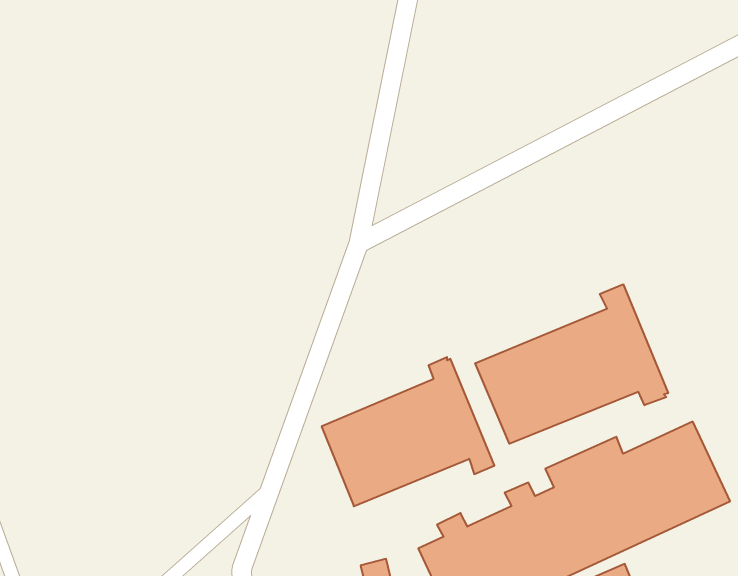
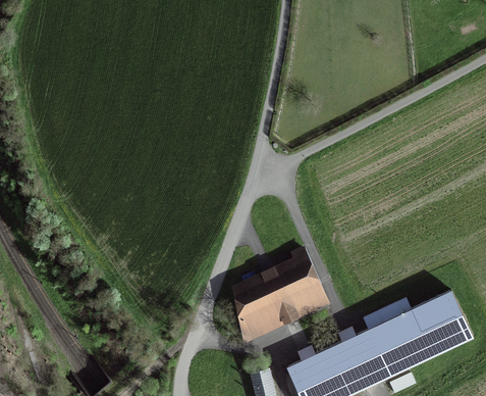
building: [475,284,668,444] -> none

